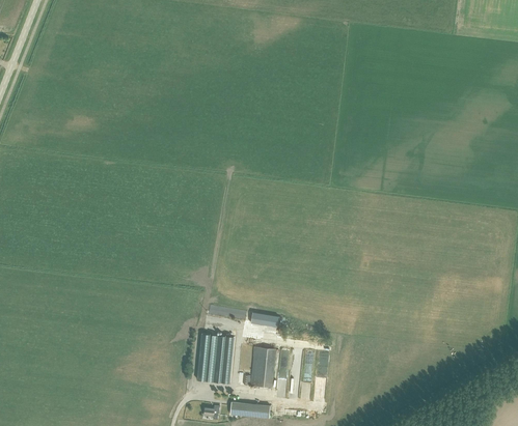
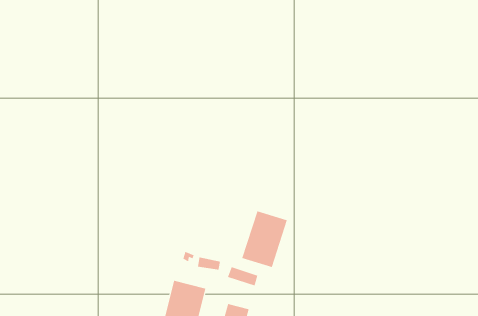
building: none -> [242,210,288,268]

